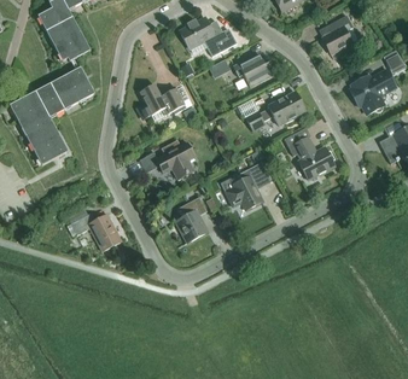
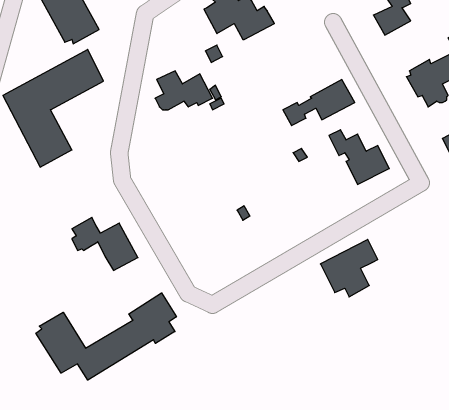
building: [233,52,275,84] -> none
building: [139,140,194,177] -> none
building: [221,161,269,209] -> [320,239,378,297]
building: [175,196,208,241] -> none
building: none -> [36,293,176,380]

